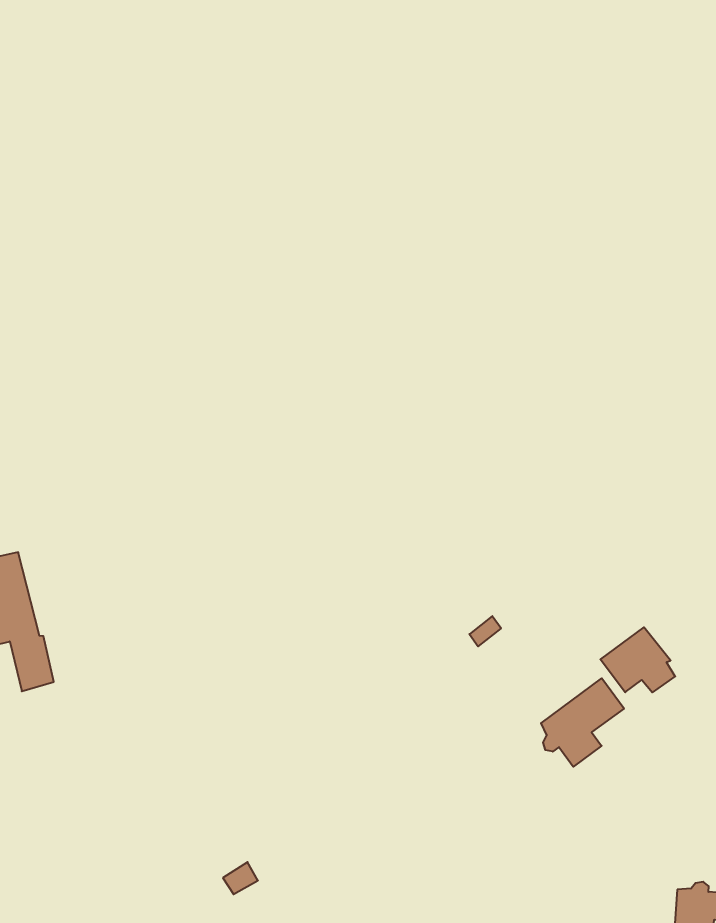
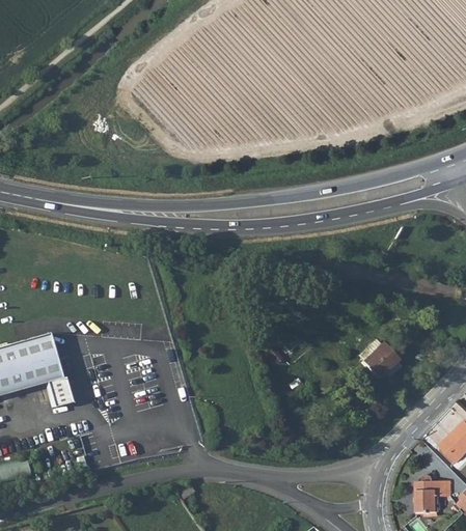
building: [541,678,624,767] -> none

